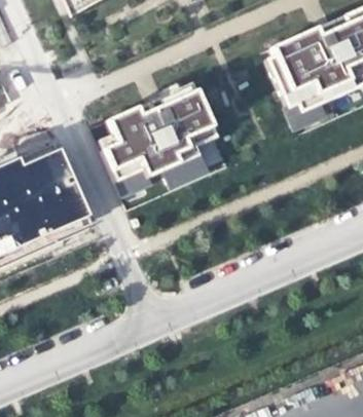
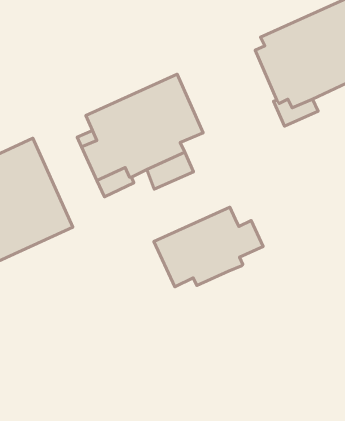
building: none -> [154,207,263,287]

